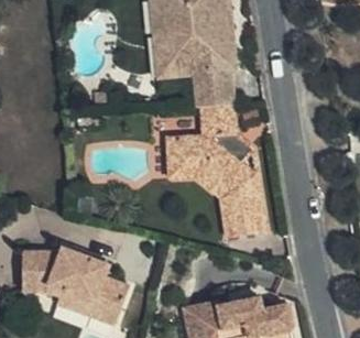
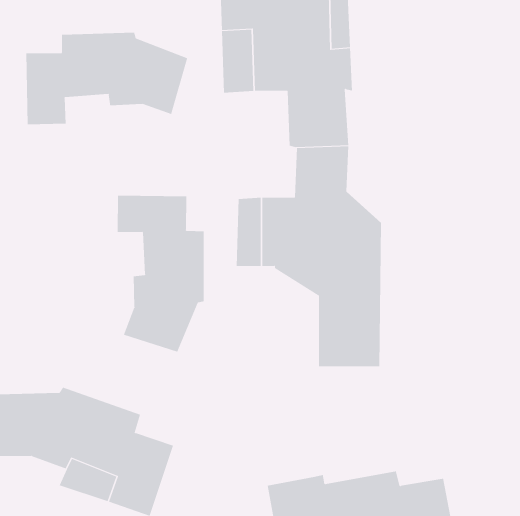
building: none -> [26,32,188,125]
building: none -> [117,195,204,353]

